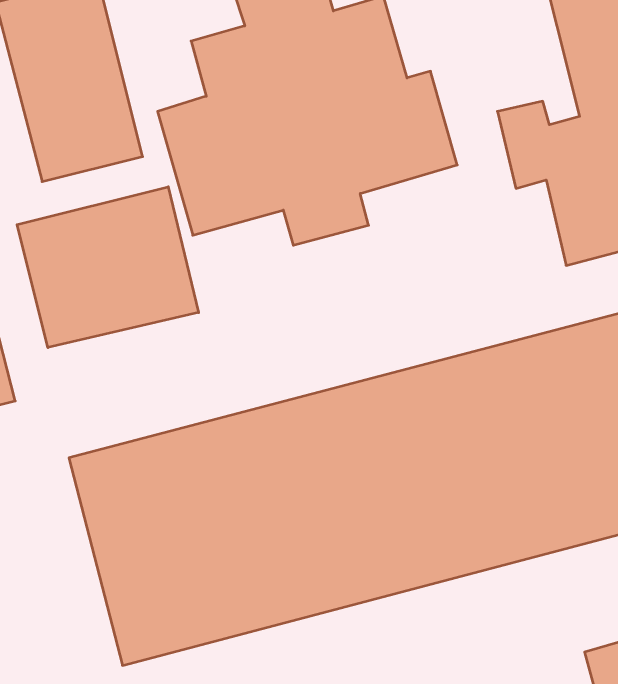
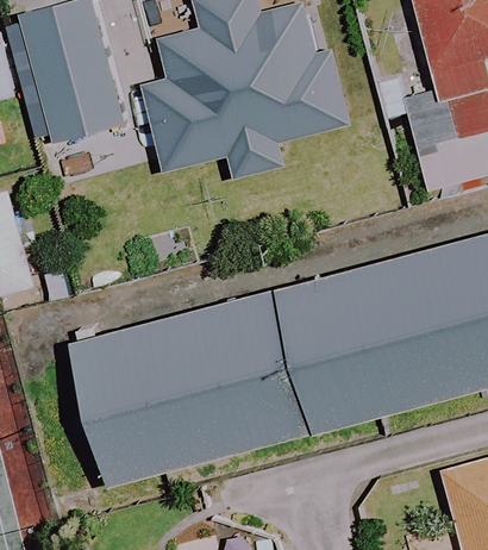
building: [17,187,199,348] -> none

